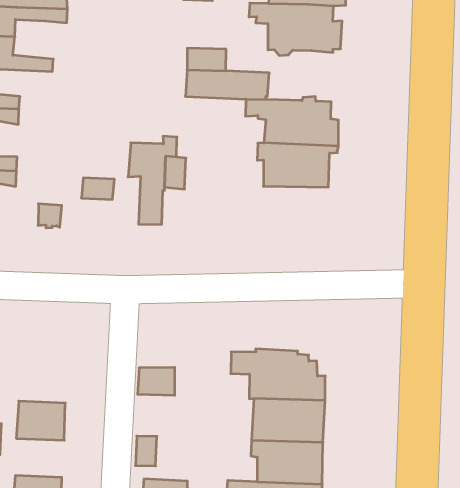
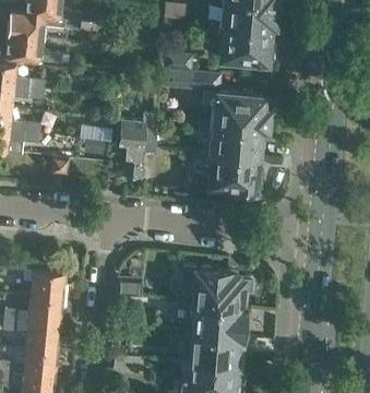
building: none -> [199,153,262,192]
building: none -> [31,270,65,299]
building: none -> [25,322,61,352]

